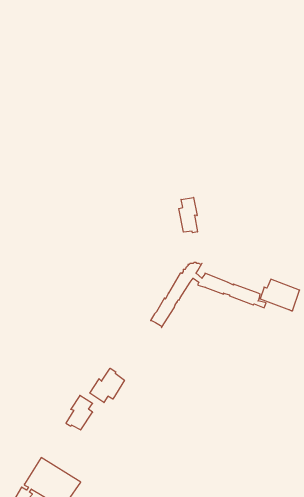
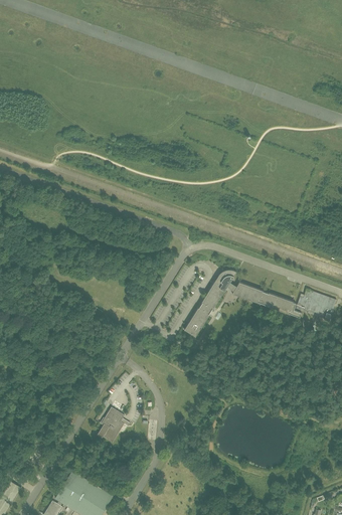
building: [179,197,197,233] -> none
building: [90,368,124,403] -> none

